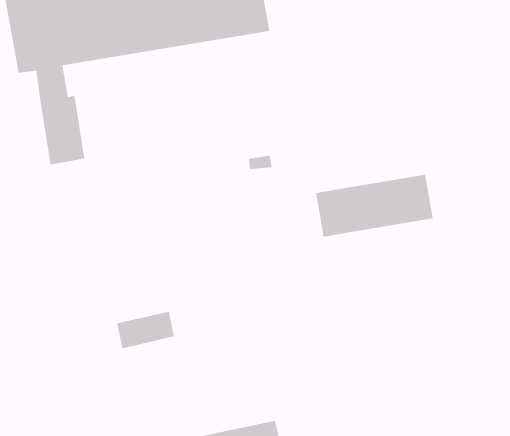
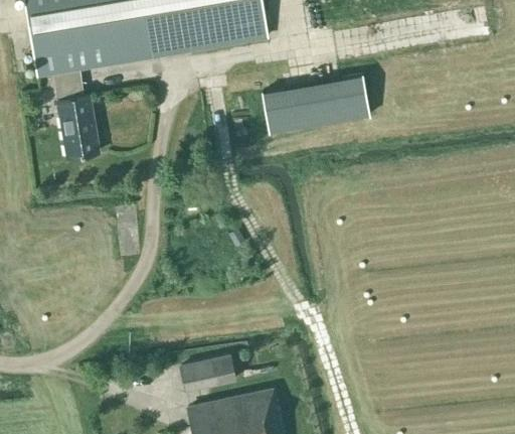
building: [315,174,434,237] -> [263,76,370,133]
building: [116,311,175,349] -> [182,355,235,390]

